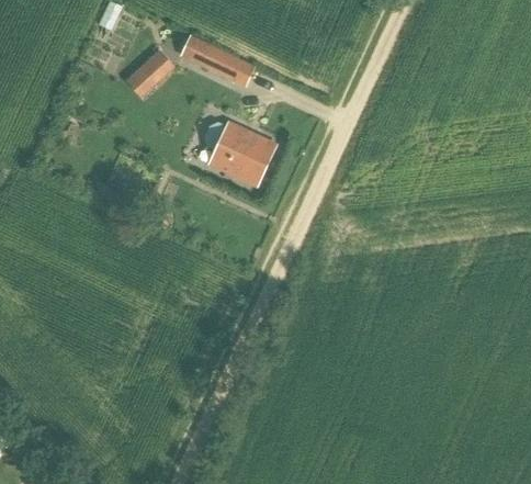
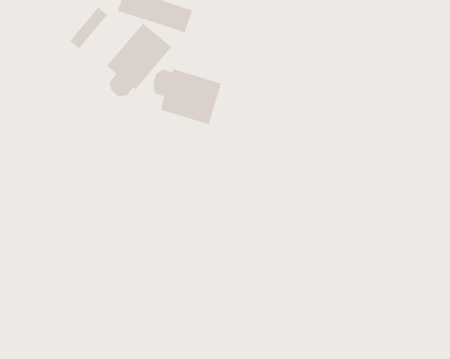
building: none -> [107,23,172,97]

